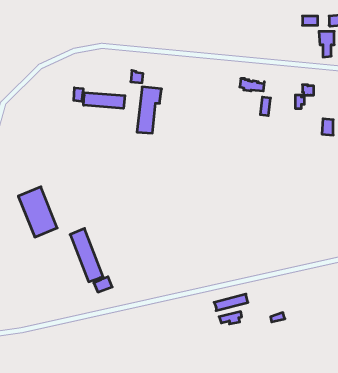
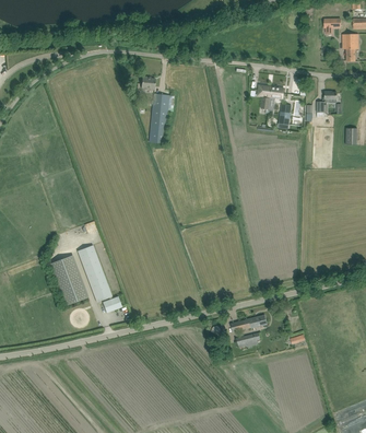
building: [74,88,125,108] -> none
building: [18,187,57,237] -> [48,256,90,309]

